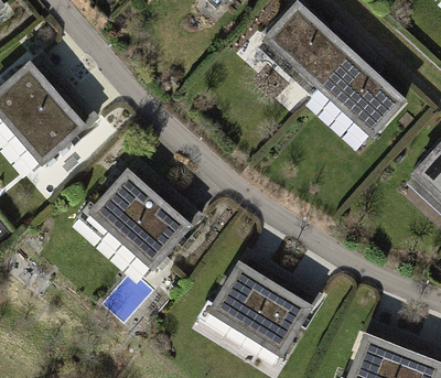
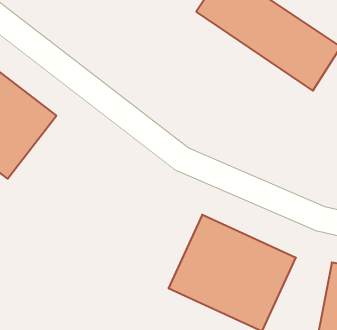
building: [86,156,215,281] -> none

